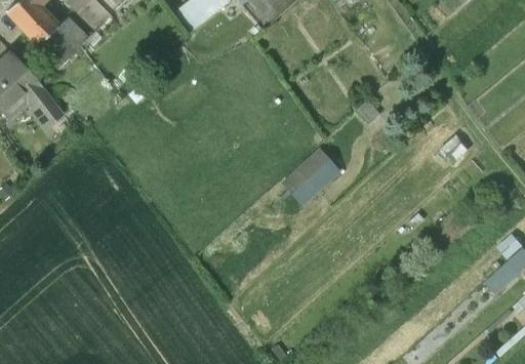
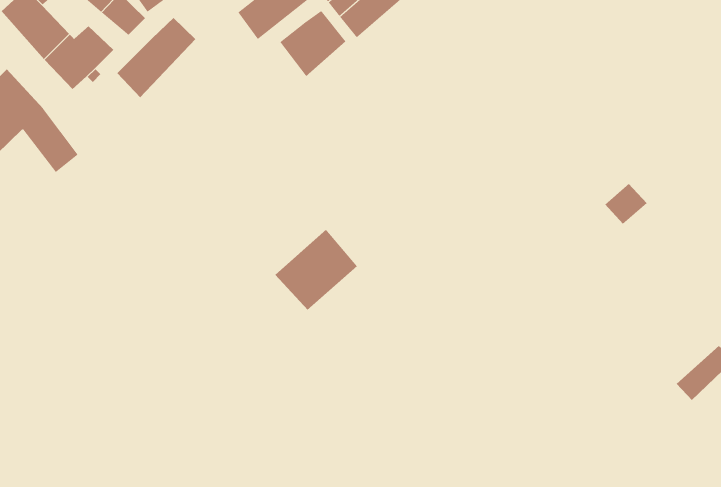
building: none -> [280,10,346,77]
building: none -> [117,17,196,98]
building: [277,148,336,206] -> [275,229,358,311]

